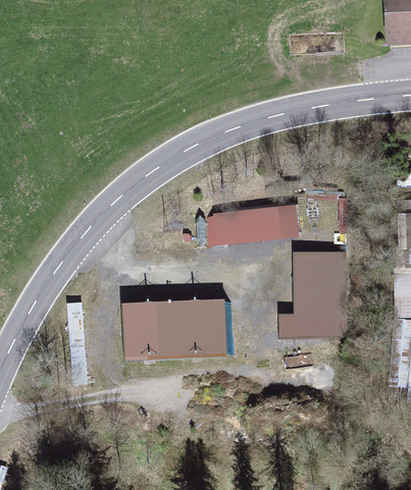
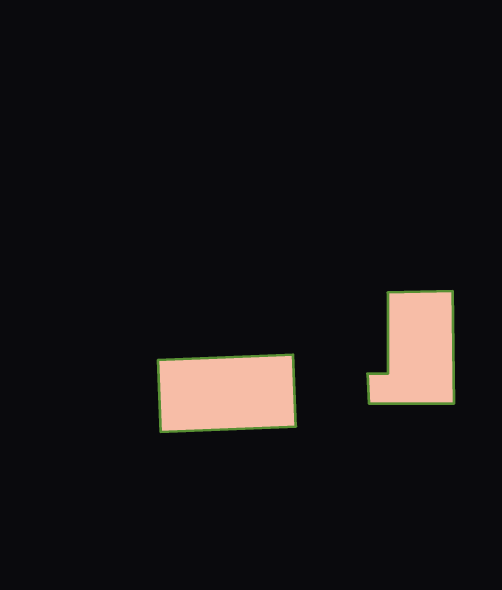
building: [216,207,296,242] -> none

